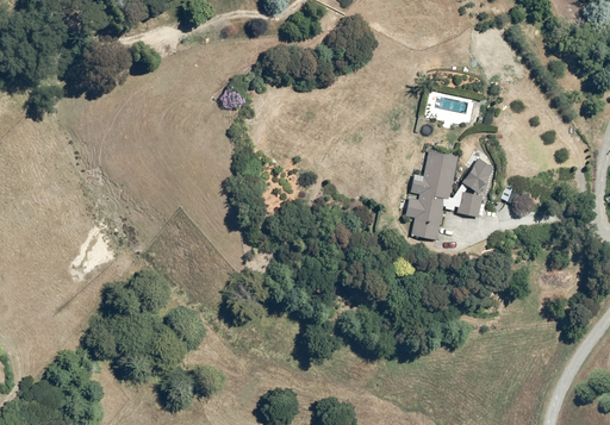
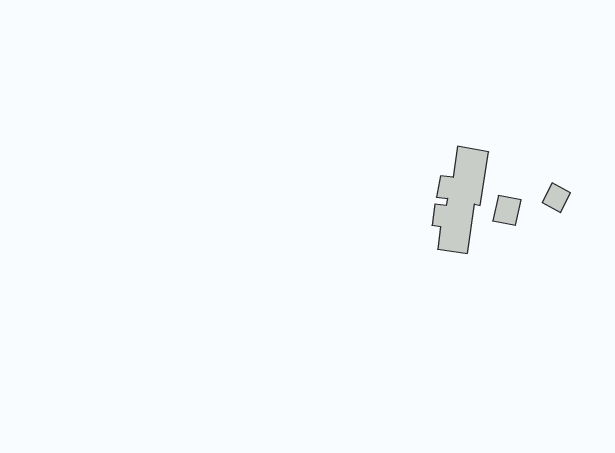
building: [462,157,494,190] -> none

